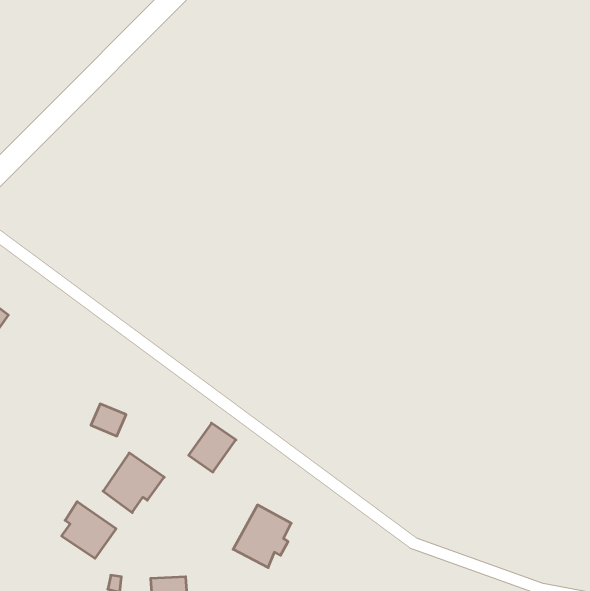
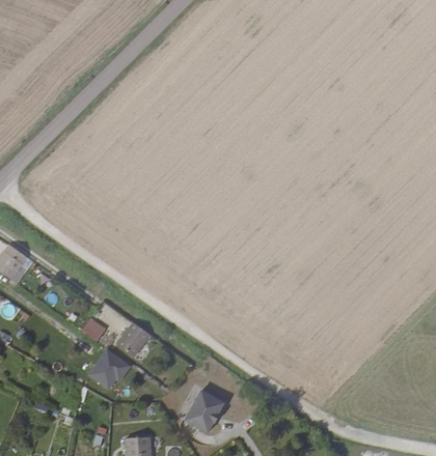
building: [189,423,236,472] -> [119,323,152,357]
building: [62,502,116,558] -> none

